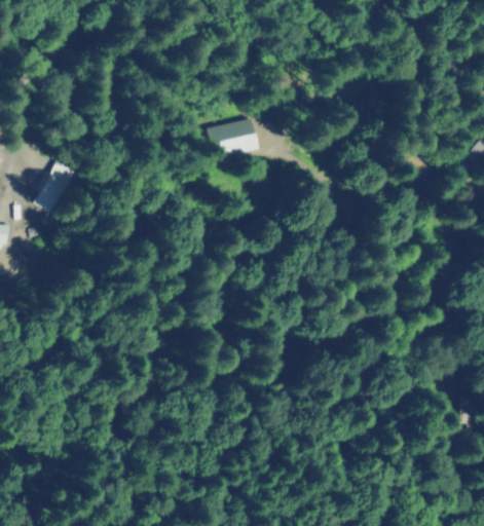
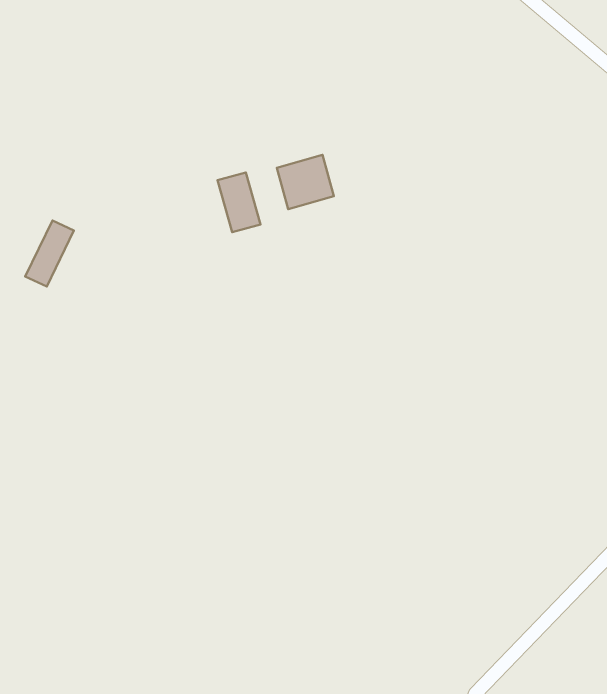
building: none -> [218,173,261,232]

